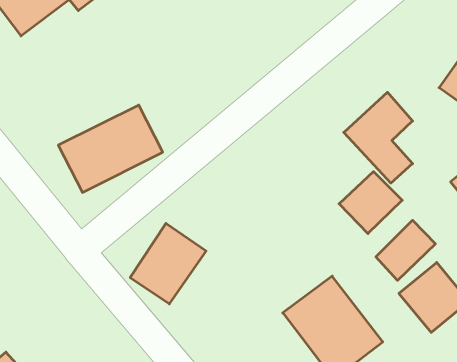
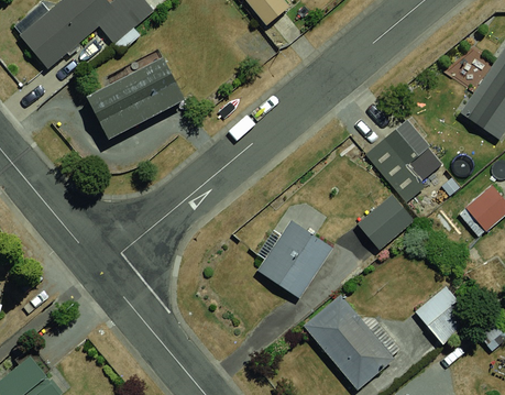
building: [58,105,163,192] -> [91,56,191,140]
building: [376,220,435,280] -> none
building: [130,223,206,304] -> [255,218,328,295]

